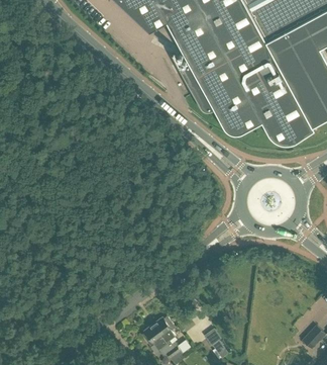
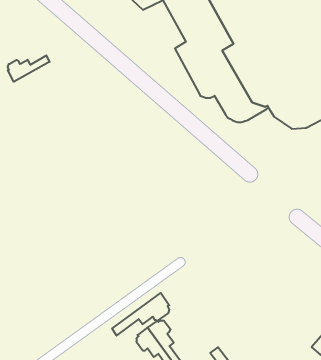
building: none -> [8,55,50,82]
building: none -> [112,293,169,336]

